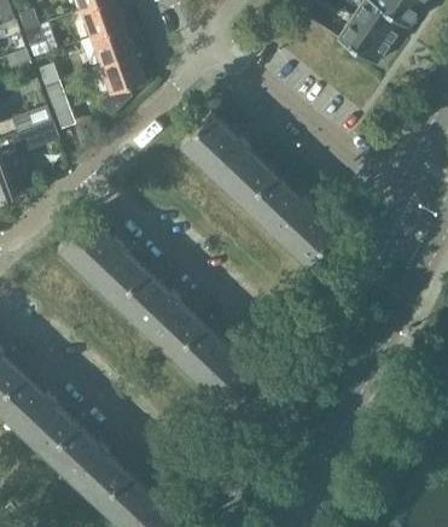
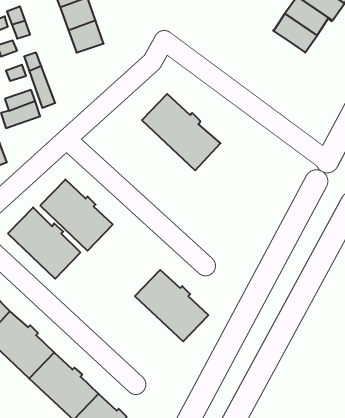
building: [100,54,145,113] -> none
building: [244,174,337,267] -> none
building: [115,271,202,357] -> [8,207,80,279]

